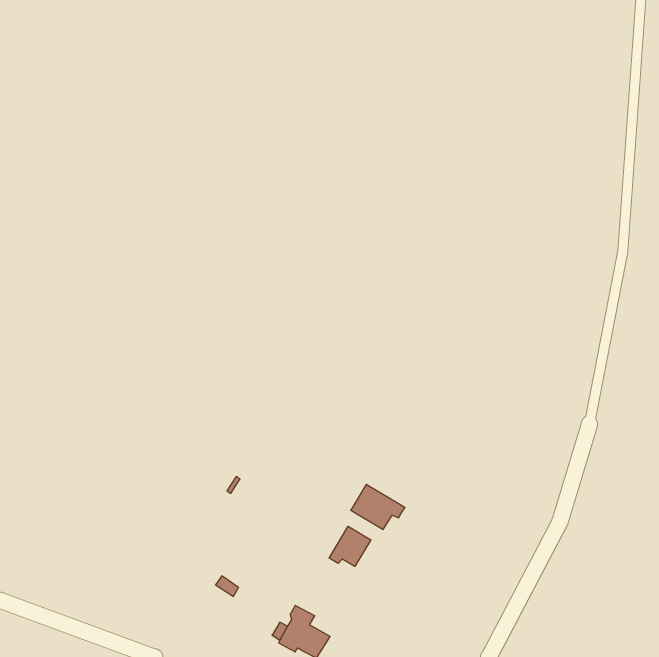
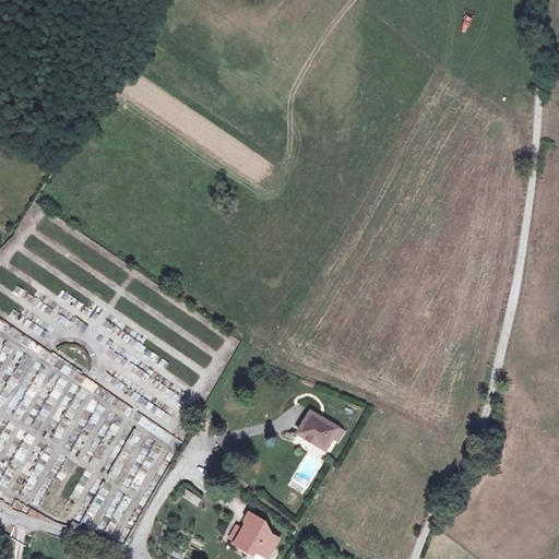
building: [329,526,371,566] -> none

